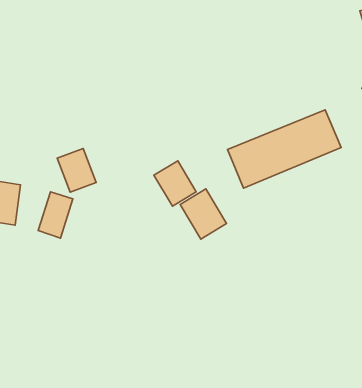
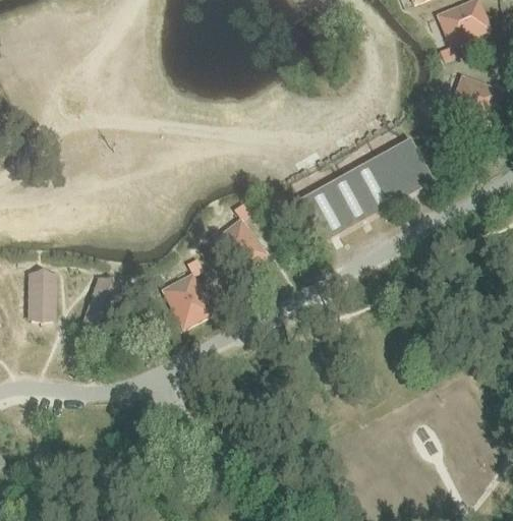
building: [57,149,96,192] -> [163,273,213,327]
building: [180,189,226,239] -> none

